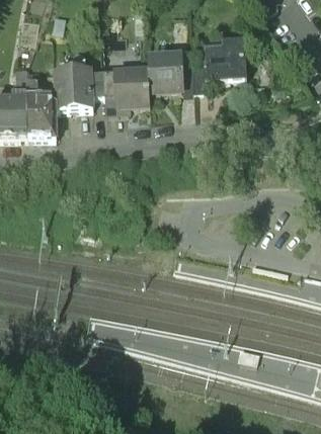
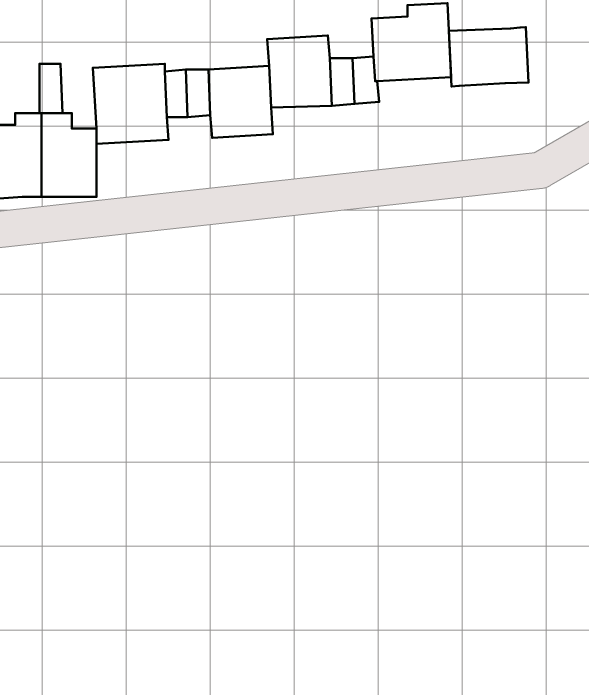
building: none -> [449,27,528,86]

